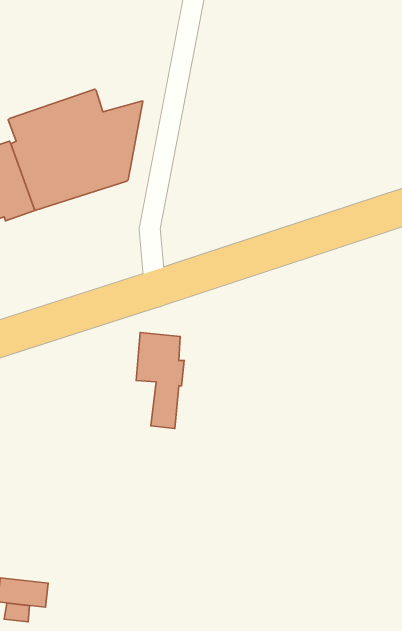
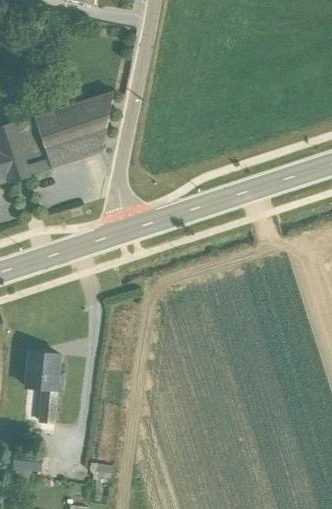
building: [136,333,184,428] -> [26,352,62,424]

